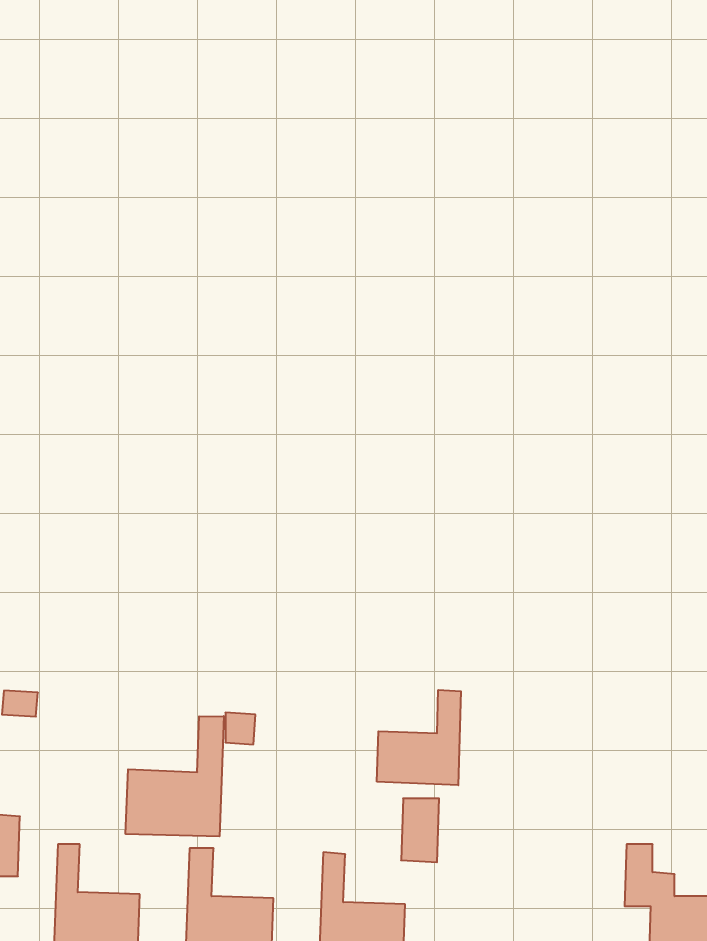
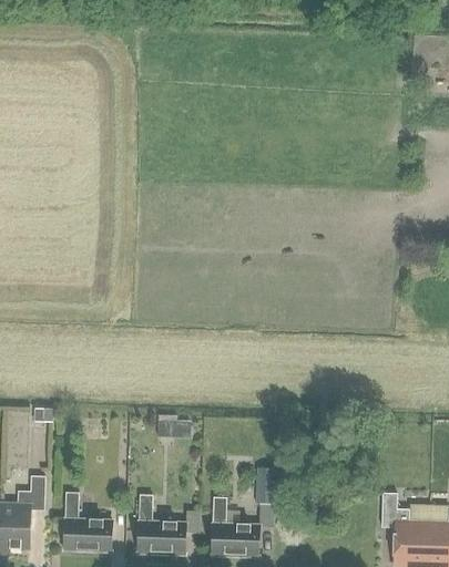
building: [377,690,461,785] -> none
building: [126,716,224,836] -> none

